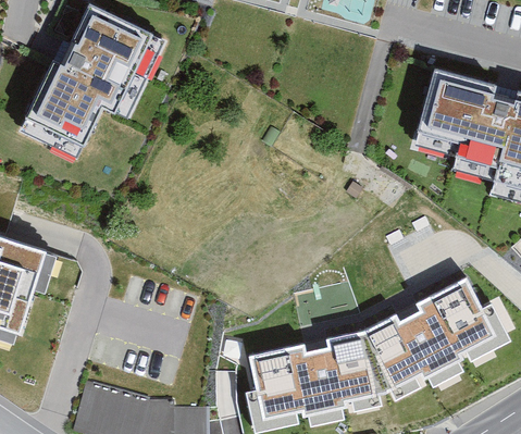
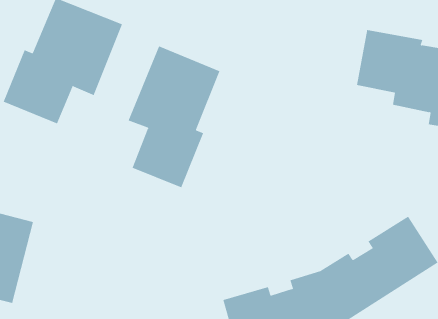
building: none -> [128,46,220,188]

